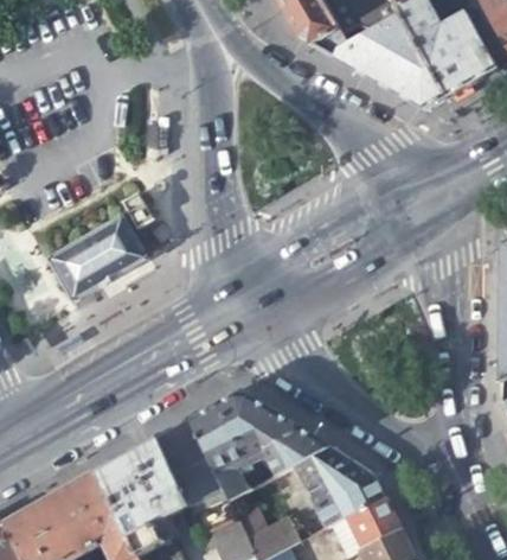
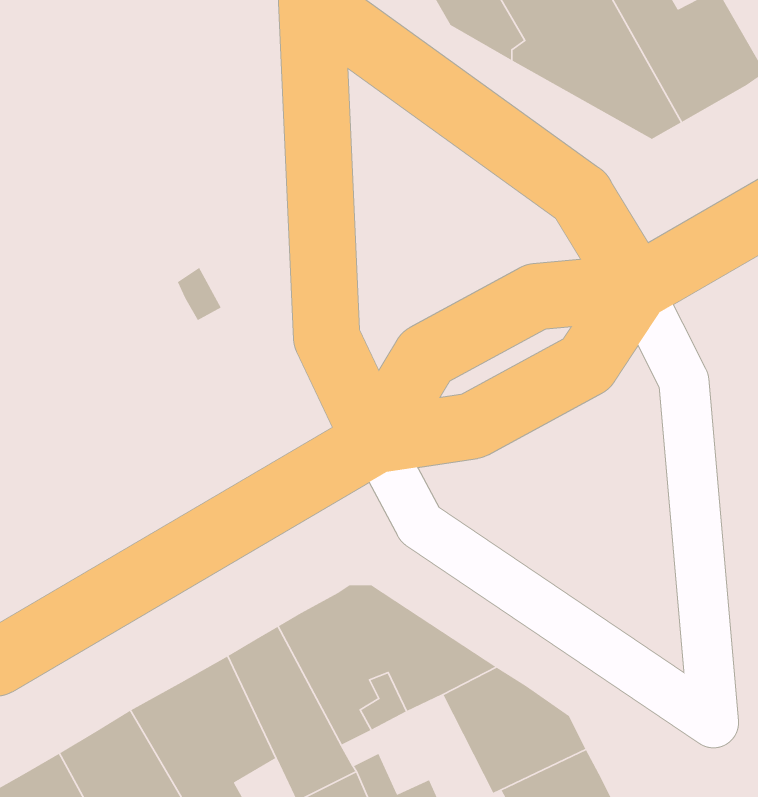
building: [51,214,149,299] -> none

